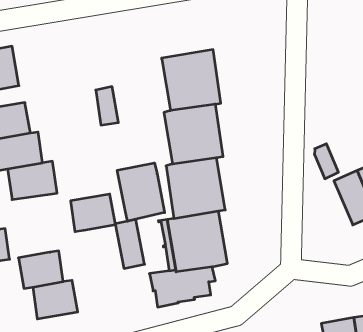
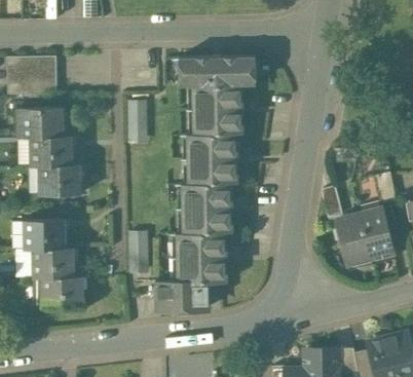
building: none -> [179,56,256,86]
building: [117,163,165,221] -> none
building: [71,194,115,232] -> [28,220,66,250]

